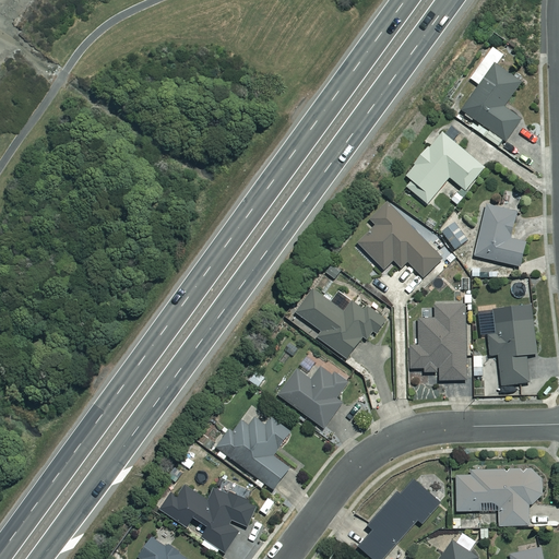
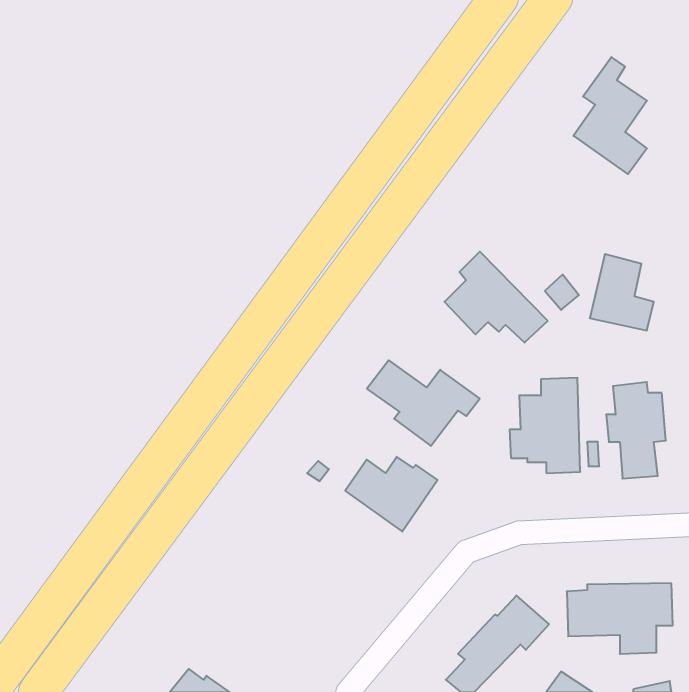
building: [405,131,484,203] -> none
building: [216,413,289,489] -> none
building: [158,485,257,551] -> none

